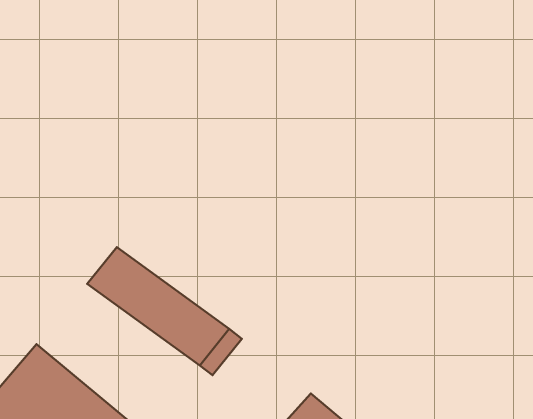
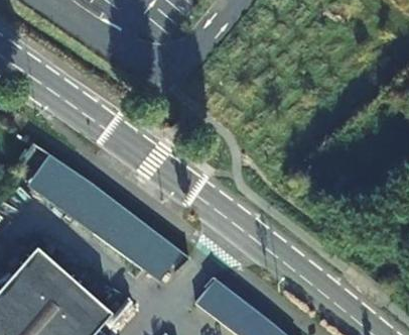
building: none -> [29,153,89,209]

